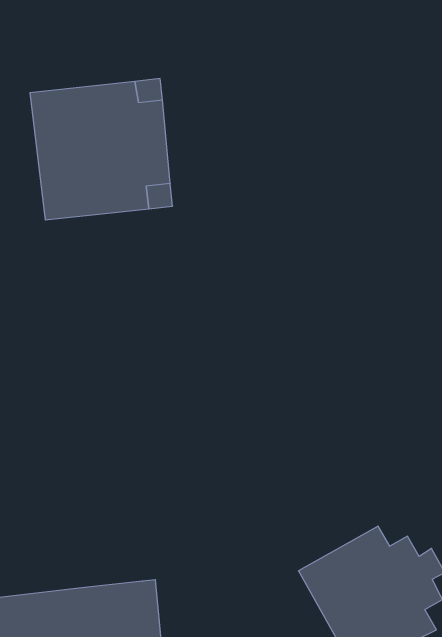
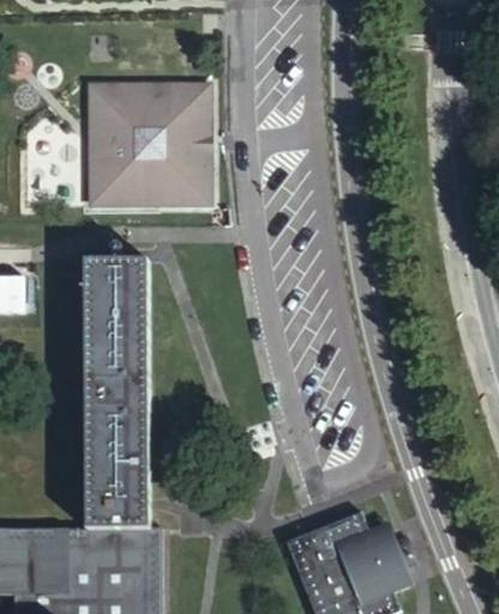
building: none -> [85,267,145,534]

